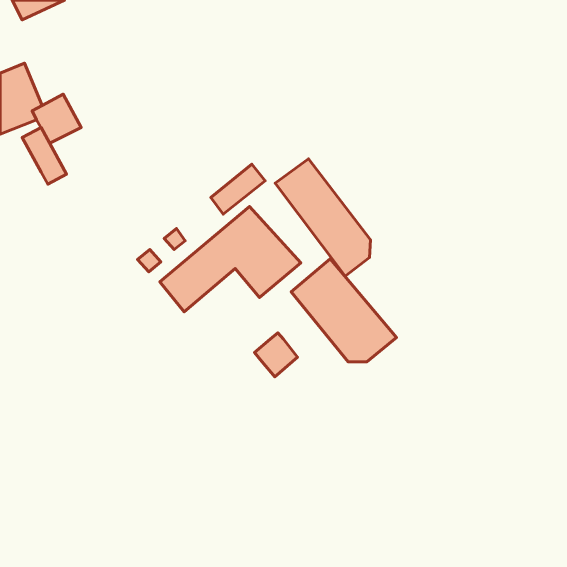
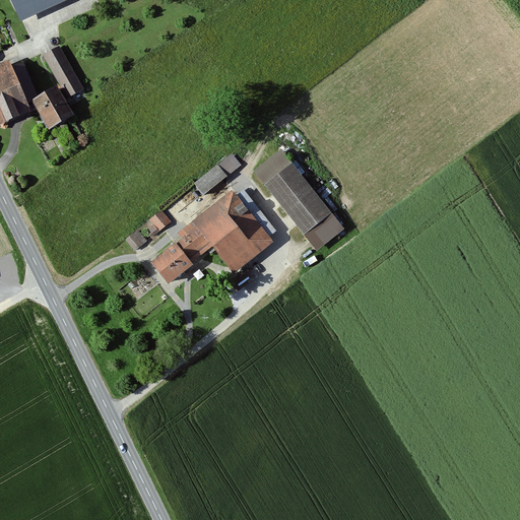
building: [22,128,67,184] -> [41,46,81,98]
building: [291,259,396,362] -> none
building: [254,333,297,377] -> none

